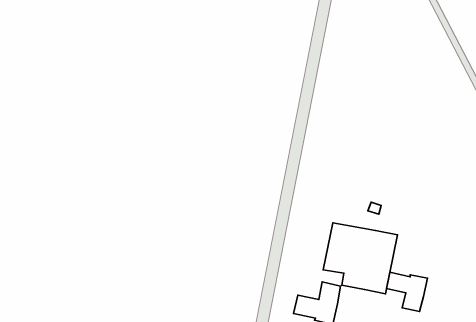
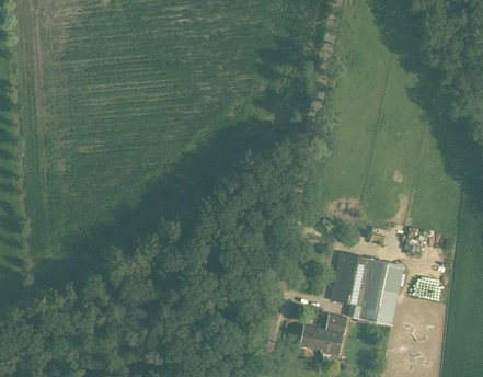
building: [387,272,428,312] -> none

